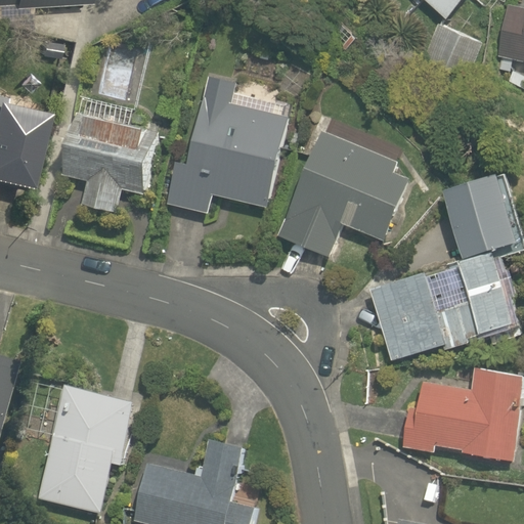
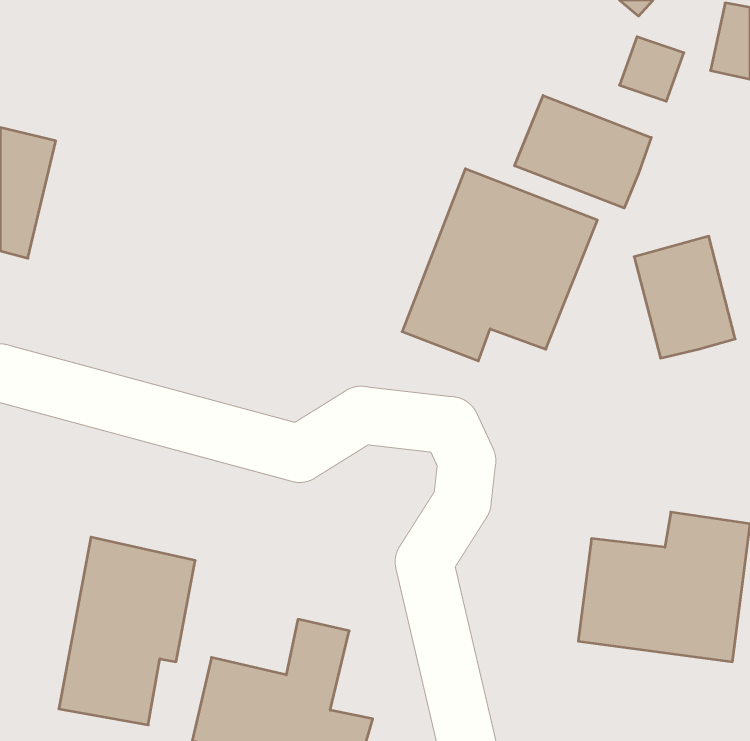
building: none -> [515,95,651,208]
building: [172,79,291,216] -> none
building: [54,95,156,211] -> none
building: [370,250,513,363] -> none

